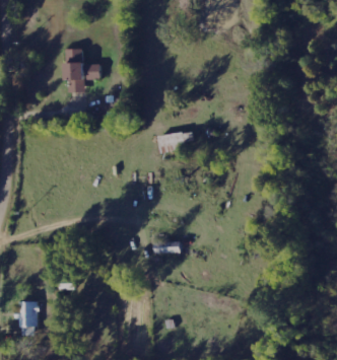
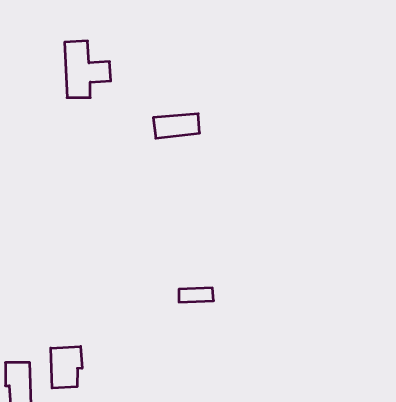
building: [158,132,195,151] -> [153,114,200,138]
building: none -> [51,346,82,388]

